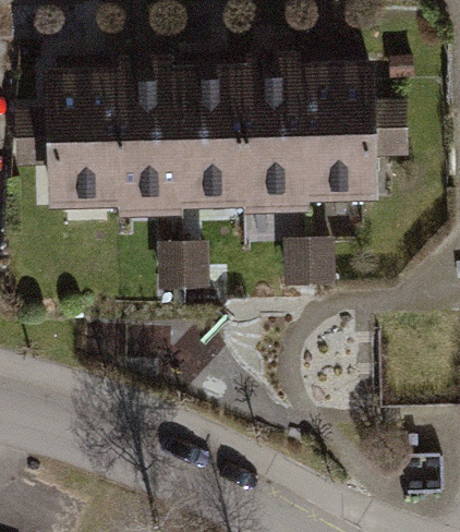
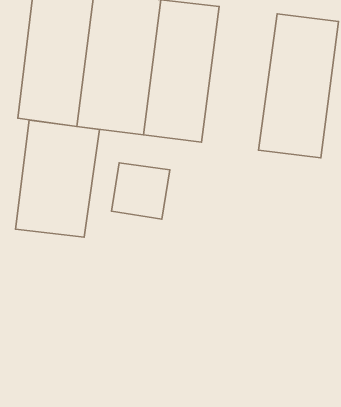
building: [238,64,300,204] -> none
building: none -> [15,120,99,237]

